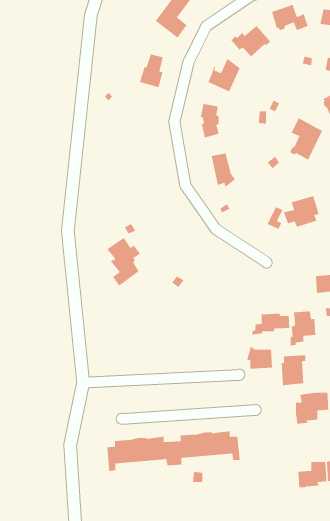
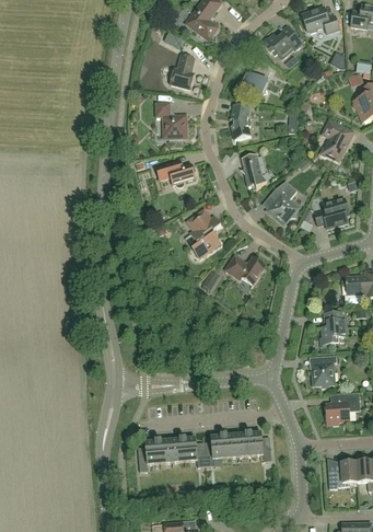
building: none -> [156,103,187,139]
building: none -> [156,160,196,187]
building: none -> [267,181,298,224]
building: [107,237,141,287] -> [187,209,221,258]
building: none -> [225,256,266,285]
building: [252,313,290,335] -> none
building: [246,345,273,369] -> none

